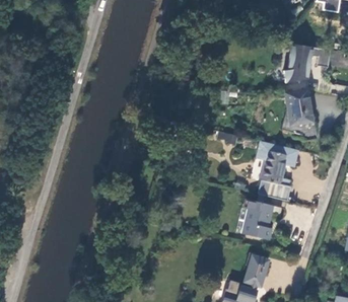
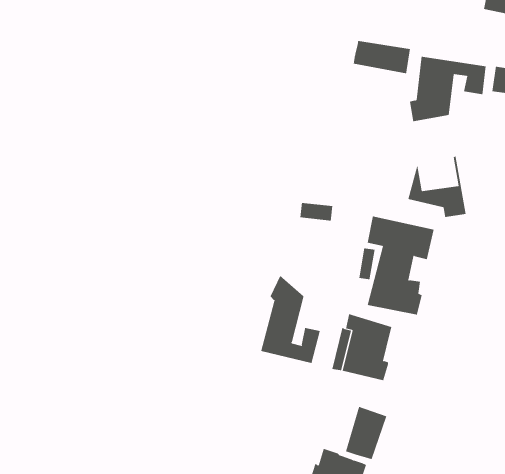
building: none -> [353,40,410,74]
building: [285,90,312,125] -> none
building: none -> [260,275,321,364]

